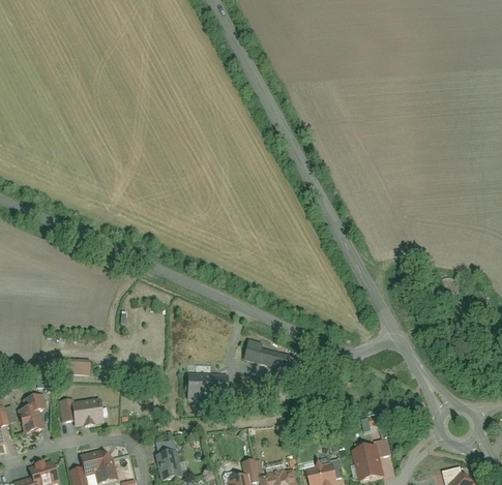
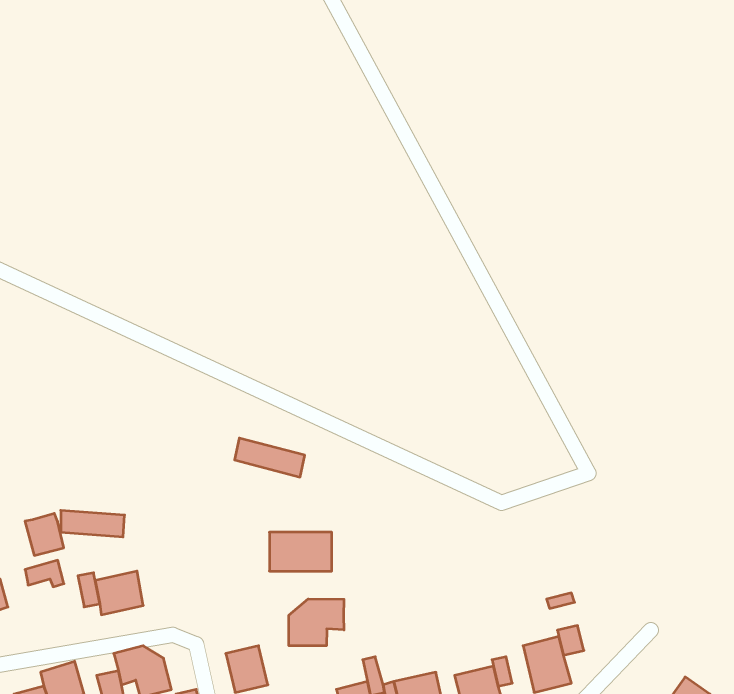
building: [240,343,287,369] -> [235,438,305,477]
building: [18,404,43,432] -> [25,513,64,555]
building: none -> [289,599,344,646]

